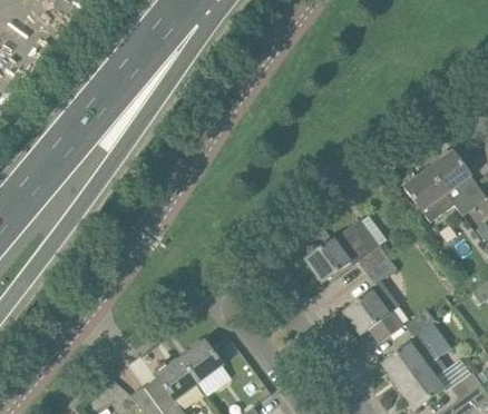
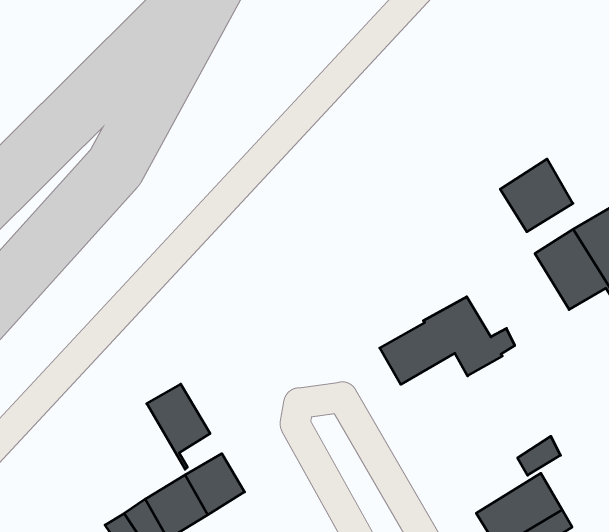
building: none -> [500,159,573,232]
building: [343,257,403,344] -> none
building: none -> [147,384,210,469]

